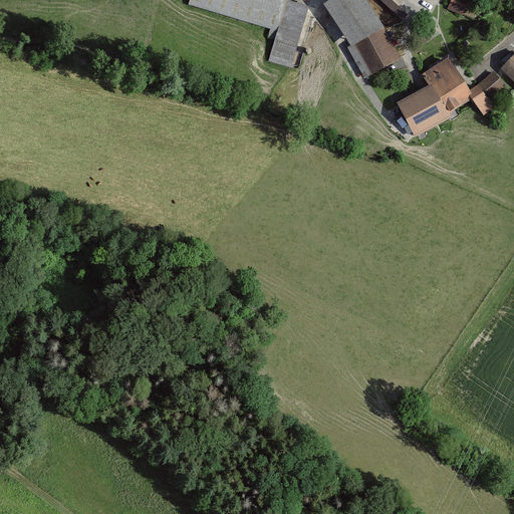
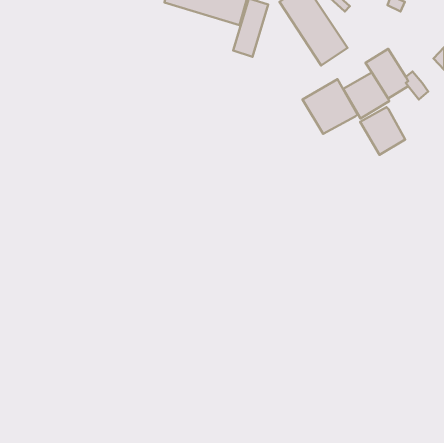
building: [476,68,504,95] -> none
building: none -> [303,79,358,134]
building: none -> [360,107,405,155]

